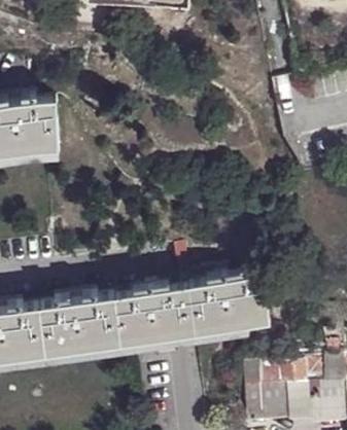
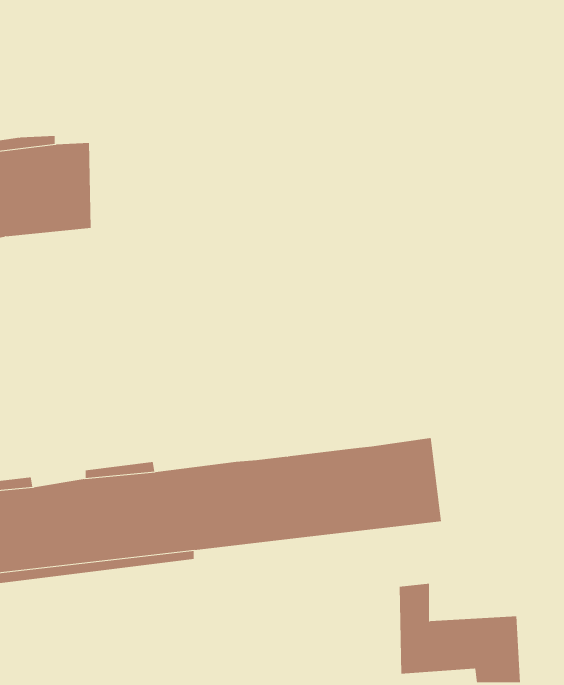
building: [258,359,333,389] -> none

